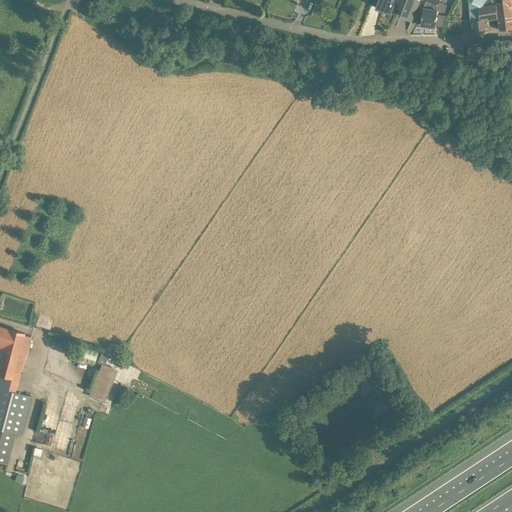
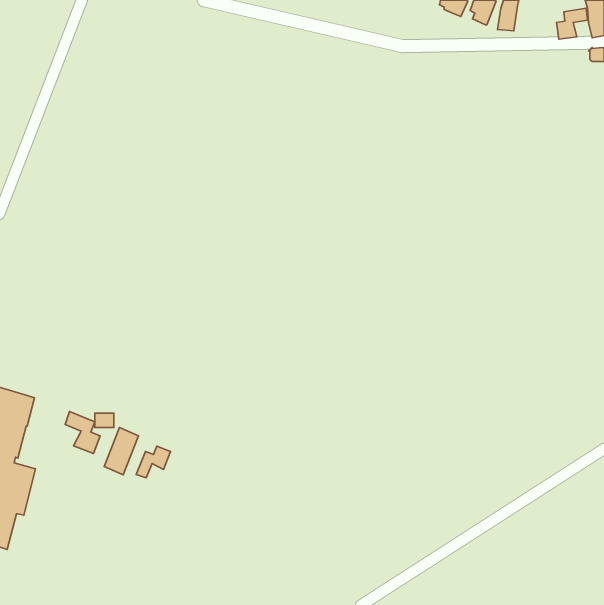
building: none -> [65,412,100,453]
building: none -> [136,446,171,478]

